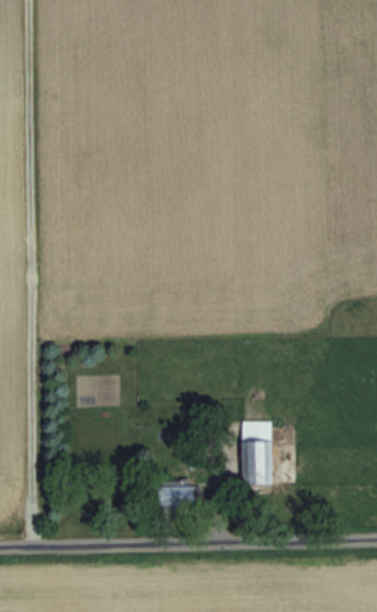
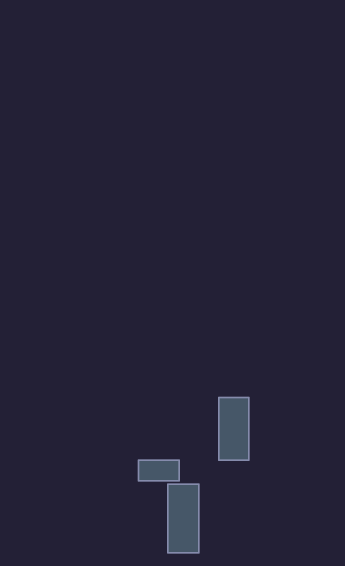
building: none -> [168,484,199,553]

